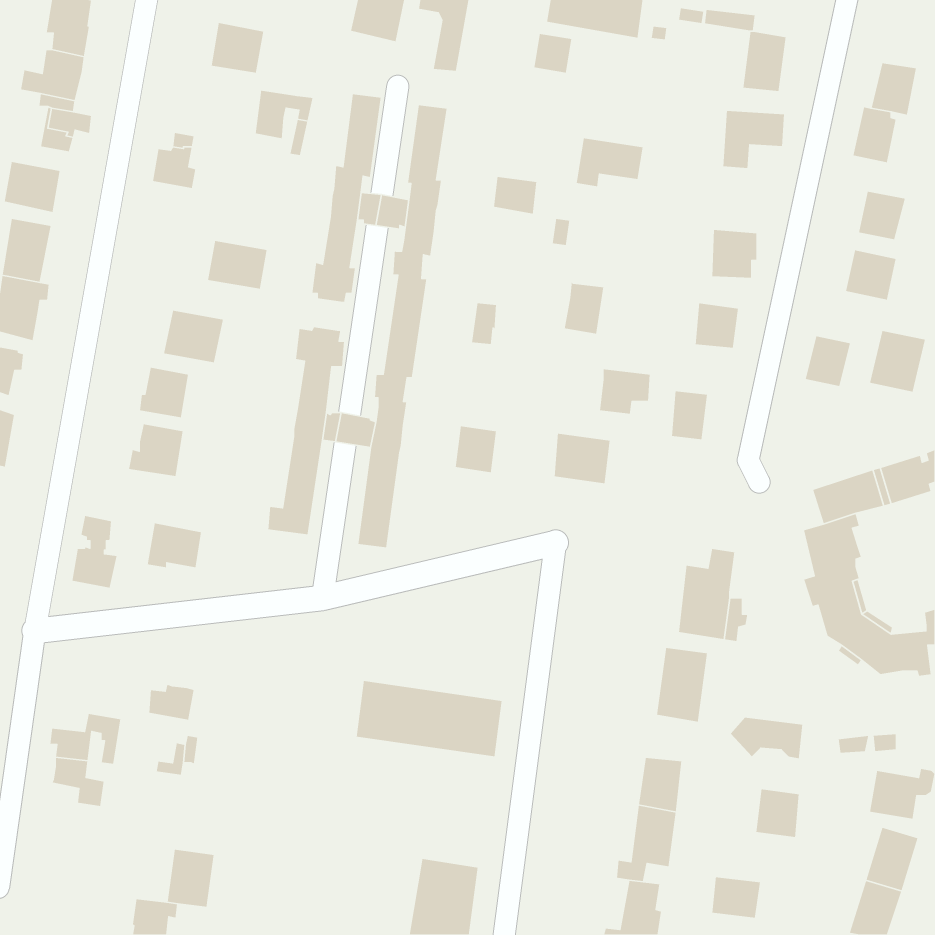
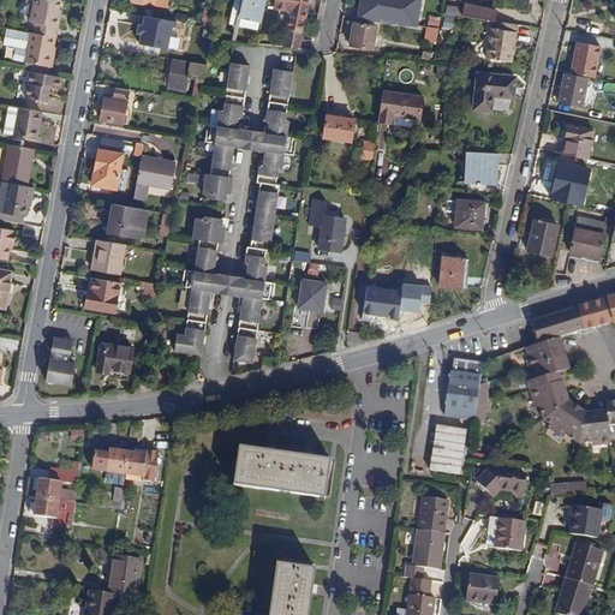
building: none -> [92,150,126,189]
building: [564,281,604,334] -> [318,215,345,250]
building: [599,369,651,414] -> [398,281,431,311]
building: none -> [124,449,165,482]

